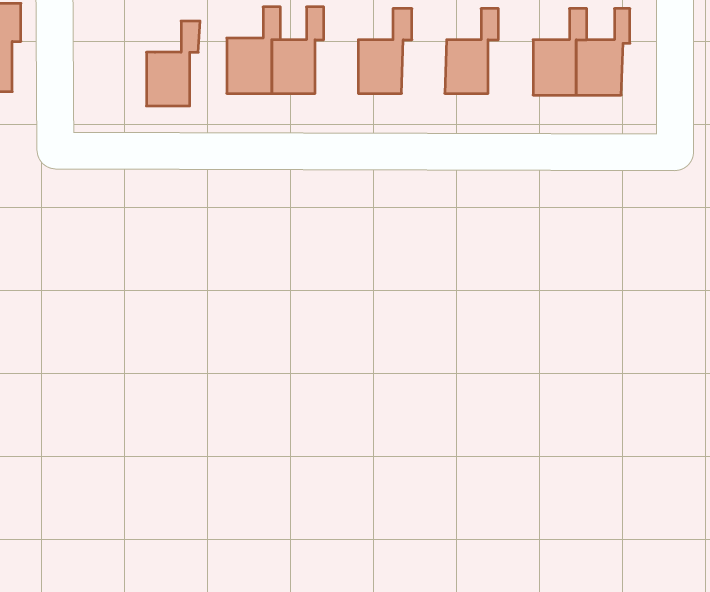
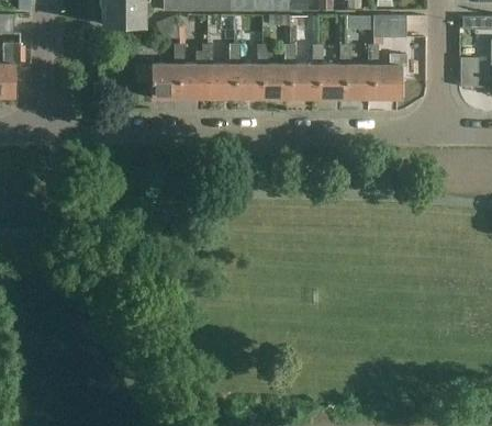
building: none -> [261,44,295,98]
building: none -> [316,44,351,99]
building: [146,21,200,106] -> [206,44,241,98]

